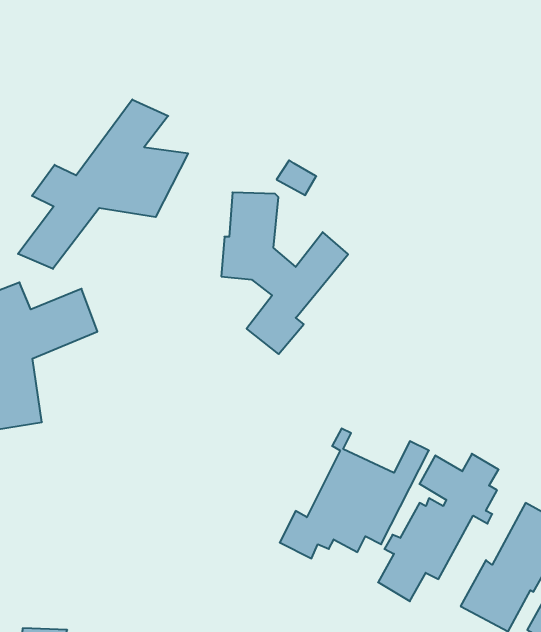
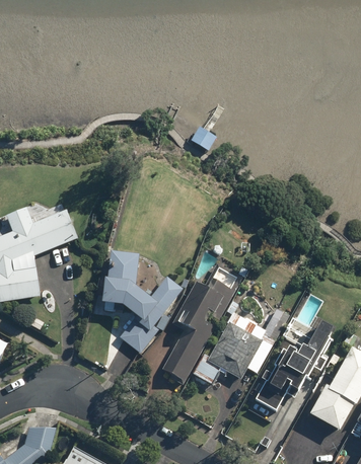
building: [18,99,188,269] -> none
building: [221,192,348,354] -> [102,251,184,355]
building: none -> [160,263,242,385]

